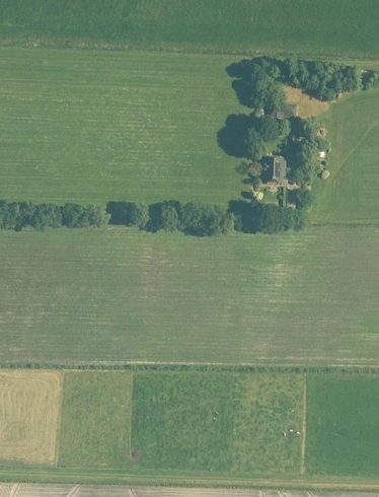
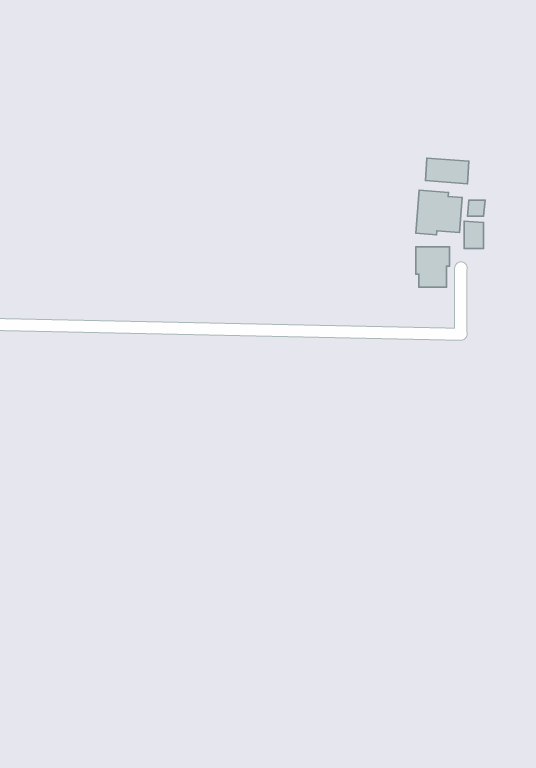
building: none -> [416,190,462,235]

